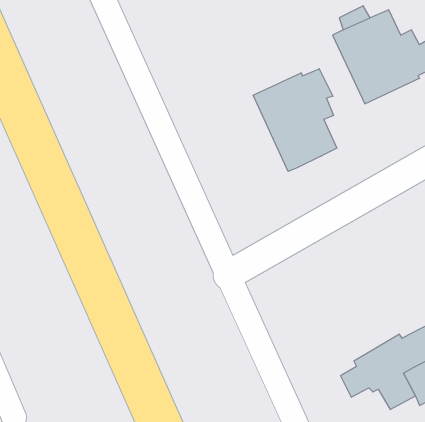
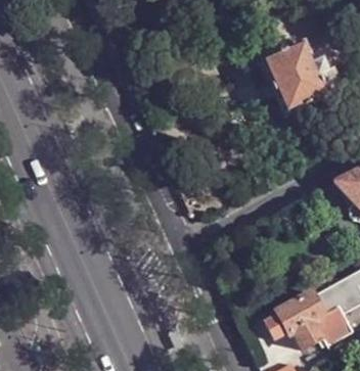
building: [253,69,337,171] -> none

